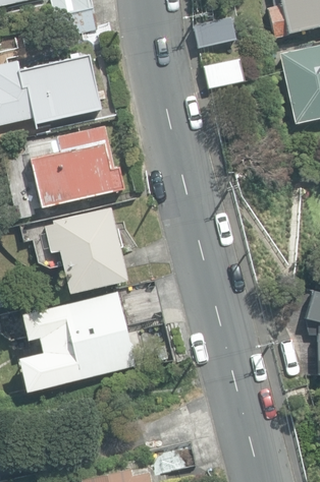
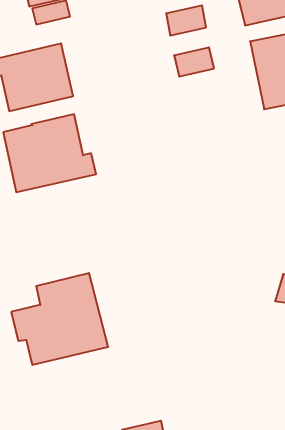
building: [45,207,126,293] -> none

